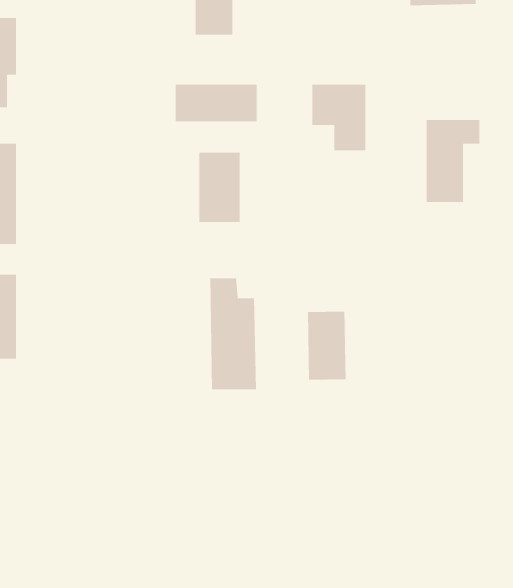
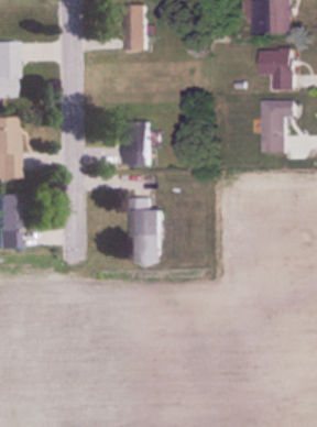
building: [312,84,366,151] -> [261,50,294,90]
building: [175,84,257,122] -> none
building: [307,311,346,381] -> none

